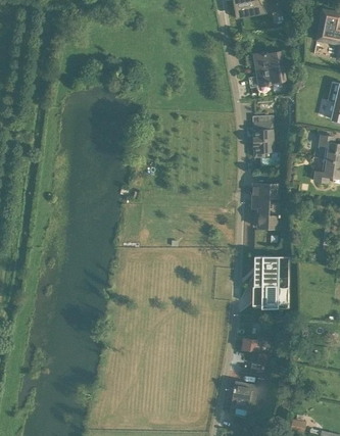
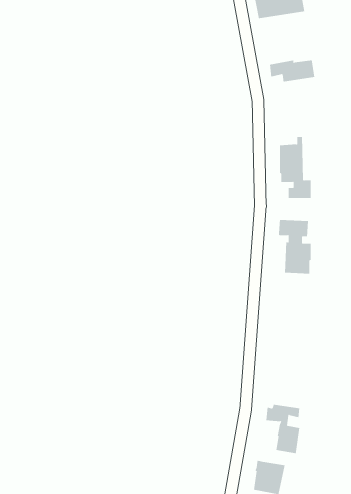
building: [247,66,285,88] -> none
building: [252,256,289,309] -> none

